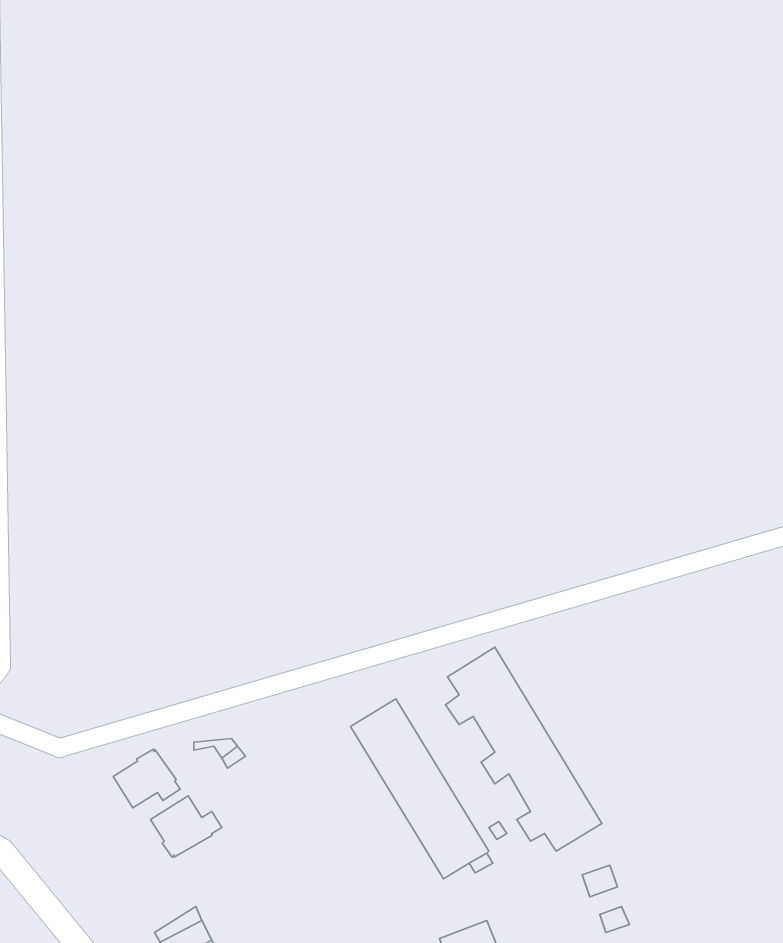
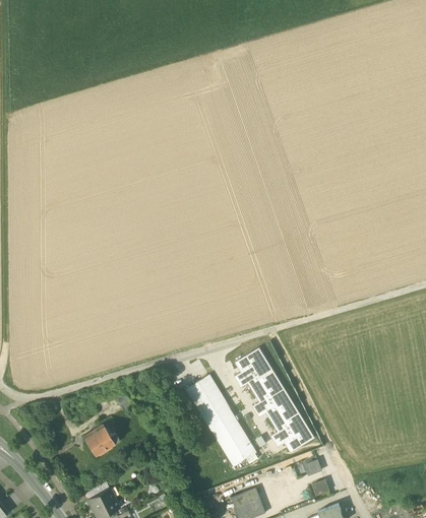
building: [113,749,180,808] -> none

